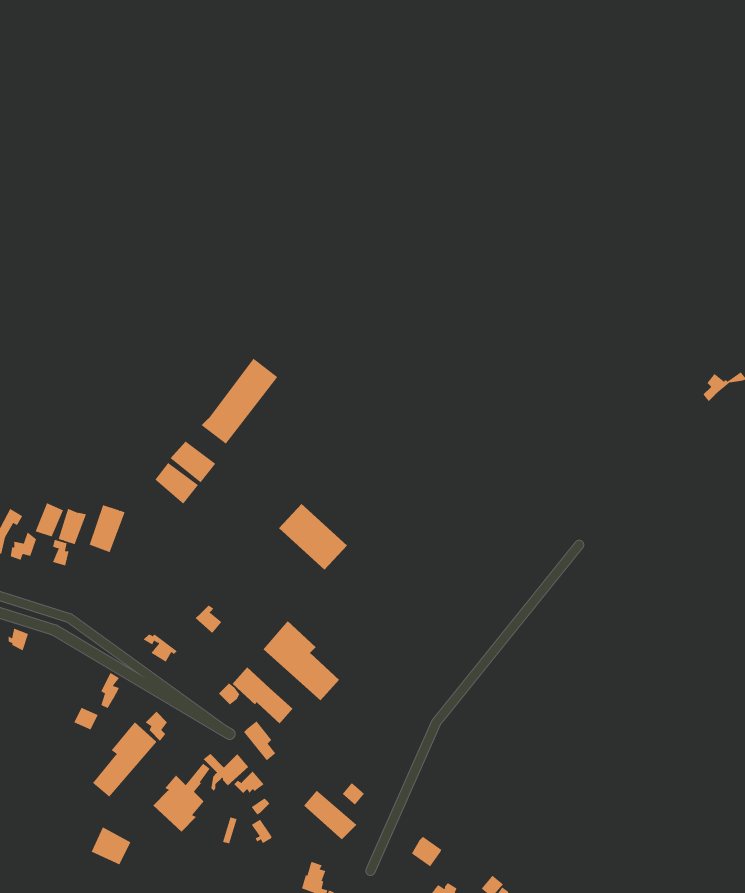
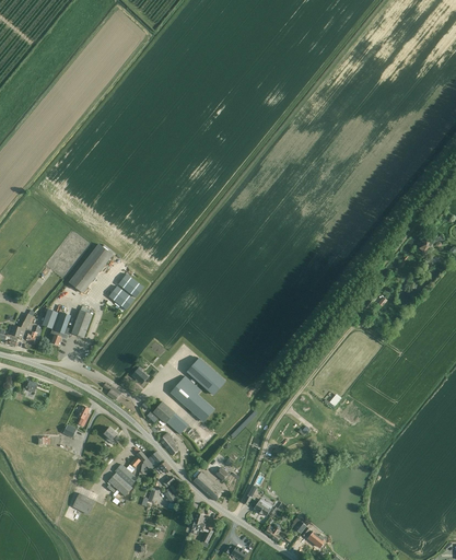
building: [201,358,278,445] -> [68,243,112,292]
building: [278,503,348,571] -> [186,357,225,395]
building: [92,722,157,798] -> none

